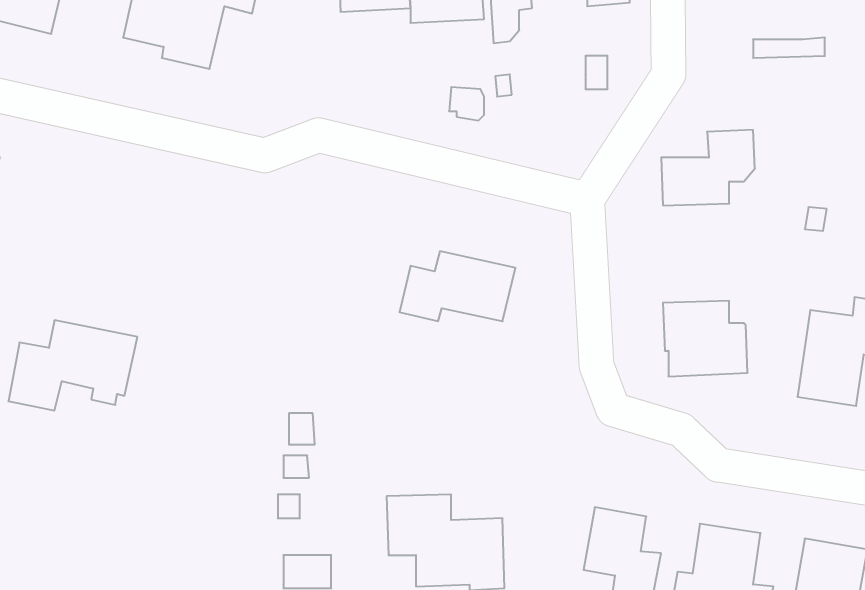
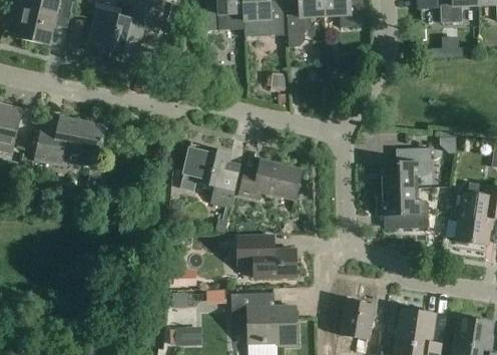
building: [661,130,755,205] -> [381,147,432,189]
building: none -> [181,143,240,232]
building: [8,320,137,411] -> [35,116,105,165]
building: none -> [236,235,297,278]

